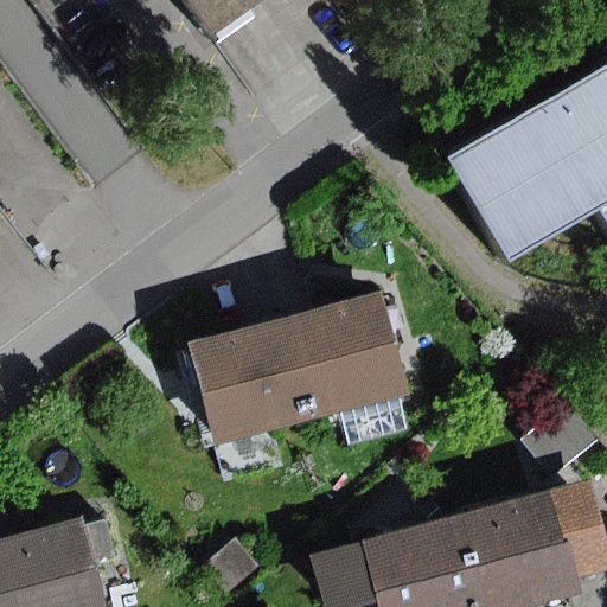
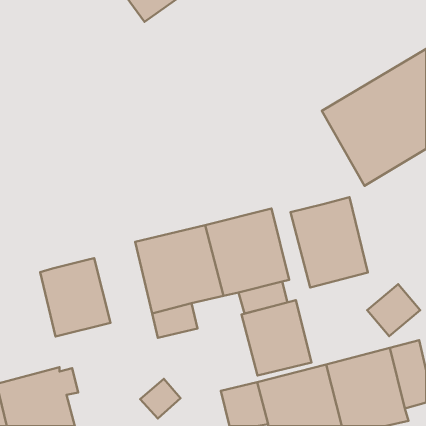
building: none -> [290,197,368,288]
building: none -> [40,258,111,336]
building: none -> [242,300,312,376]

